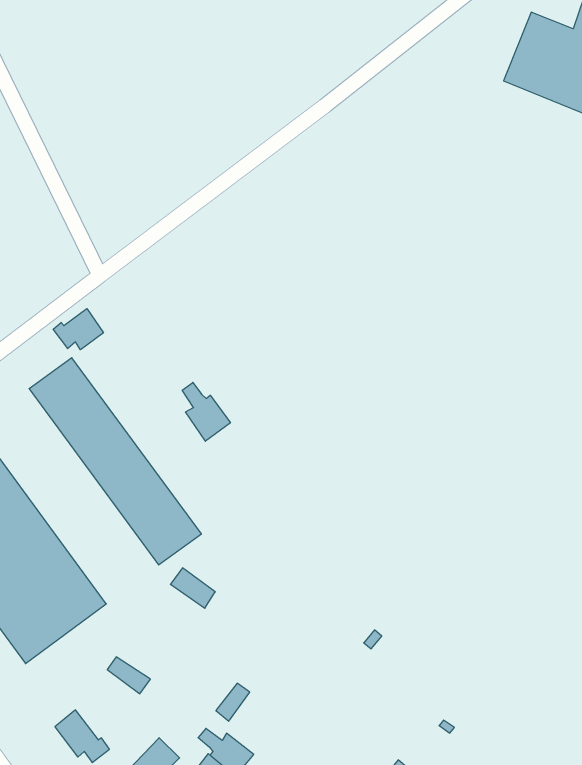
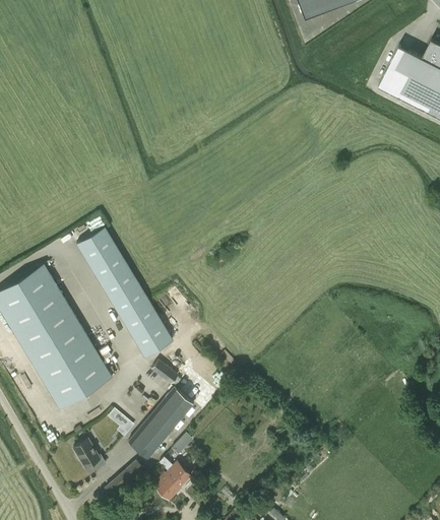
building: [53,309,103,350] -> none
building: [182,382,230,441] -> none
building: none -> [128,388,194,459]

